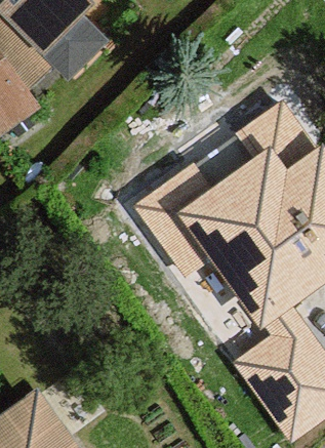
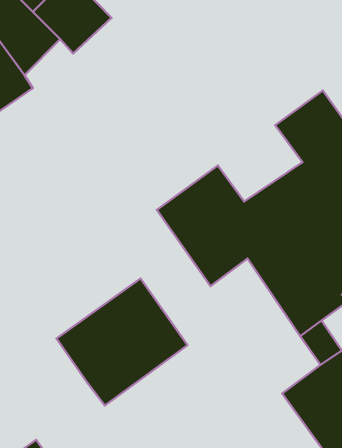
building: none -> [57,278,187,405]

